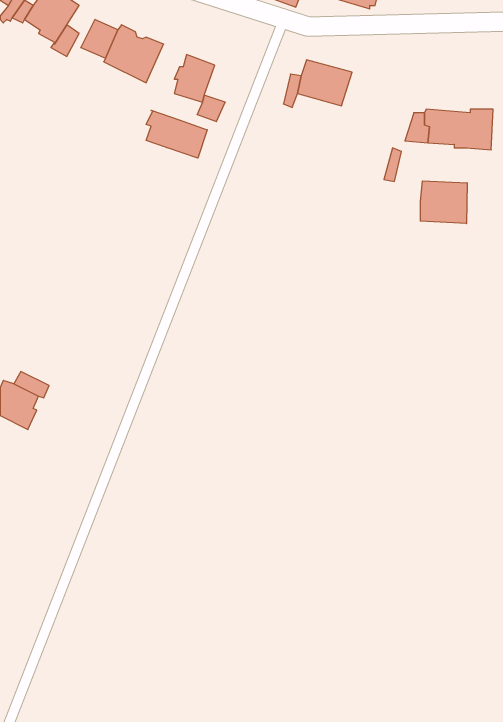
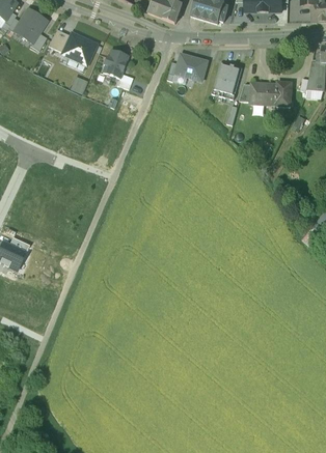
building: none -> [212,61,242,98]
building: [146,110,207,158] -> none
building: [420,181,467,224] -> none

